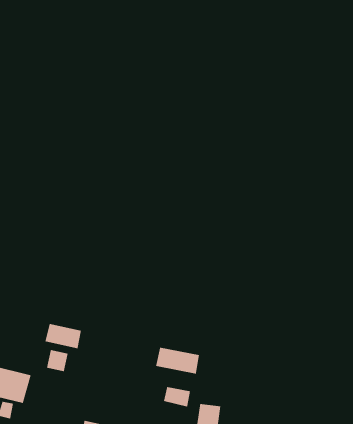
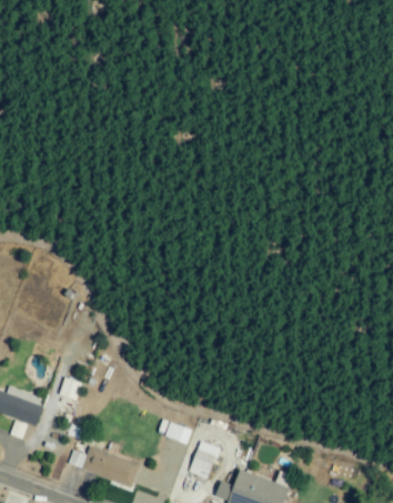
building: [45,323,81,349] -> none
building: [155,347,199,375] -> none

